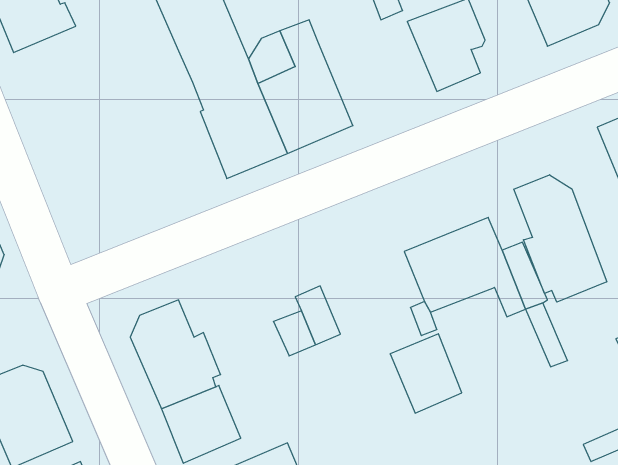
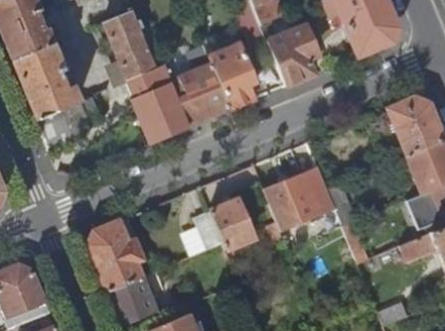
building: none -> [209,41,255,107]
building: none -> [12,42,88,149]
building: [514,175,607,302] -> none
building: [390,334,462,413] -> [210,198,257,249]

